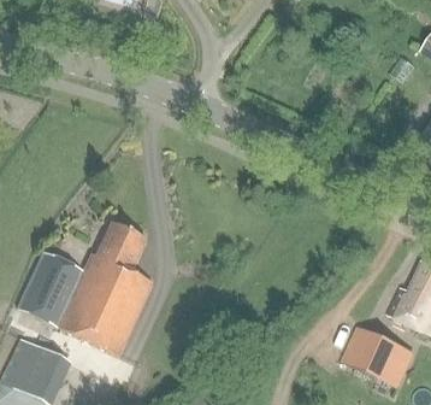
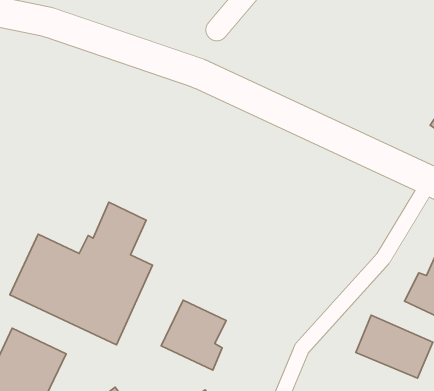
building: none -> [161,300,226,370]

